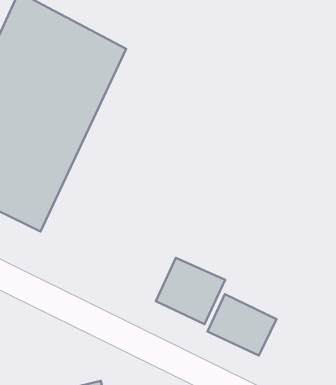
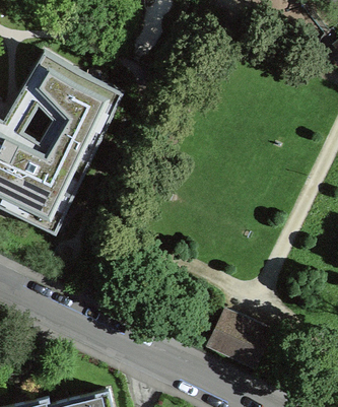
building: [156,258,225,324] -> none

